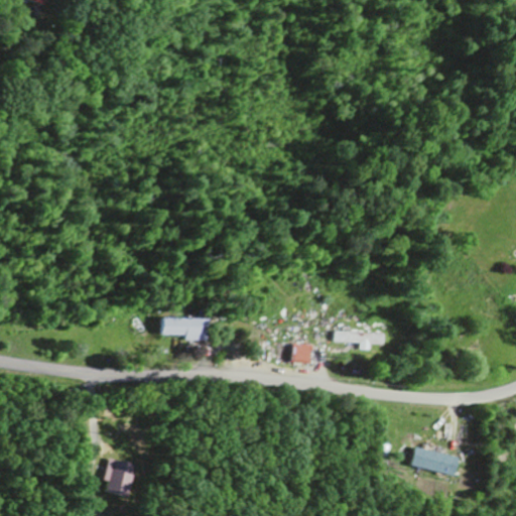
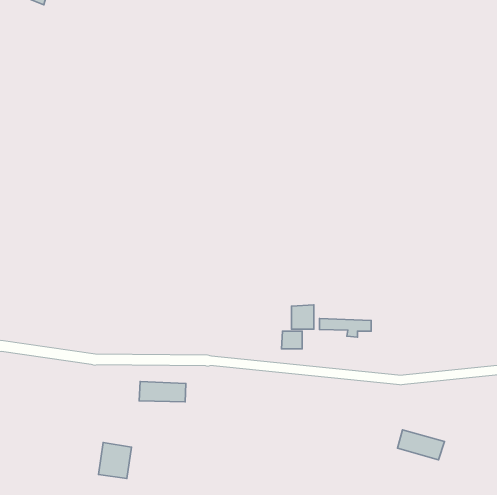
building: none -> [292,305,314,329]
building: [158,315,207,337] -> [139,381,186,402]

